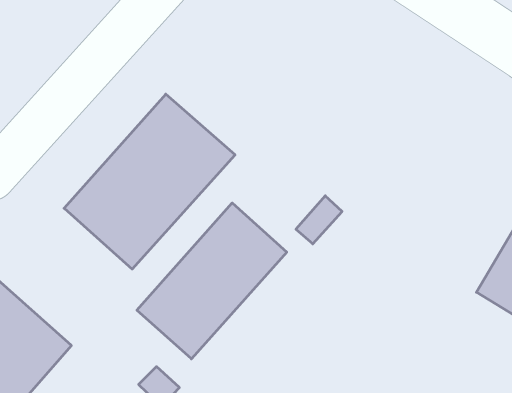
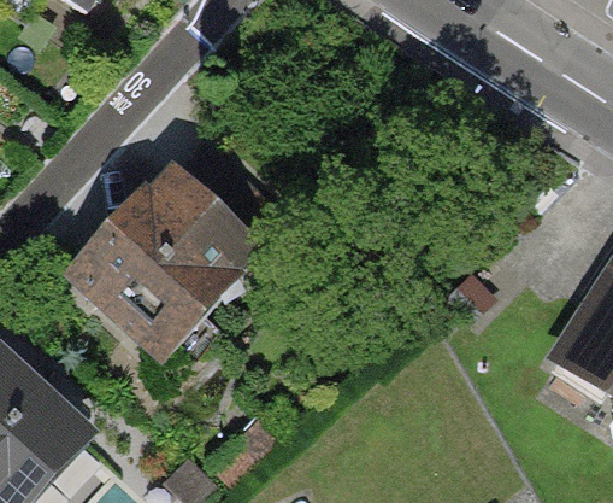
building: [137,203,287,359] -> none

